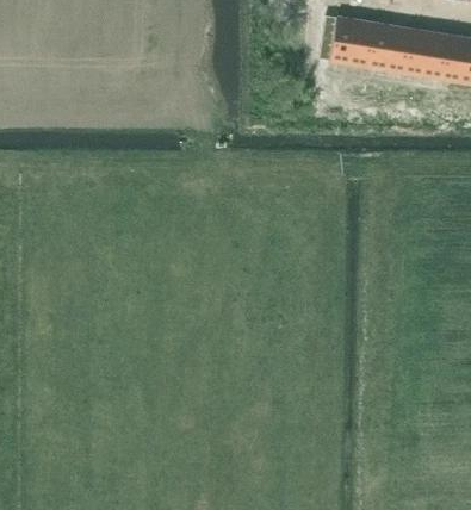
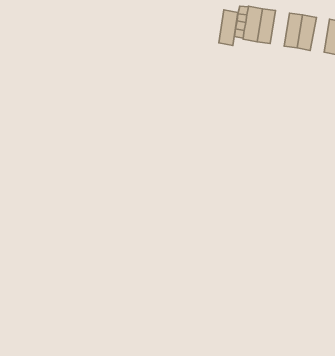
building: [374,21,401,70] -> [219,10,238,46]
building: [429,31,455,79] -> none

